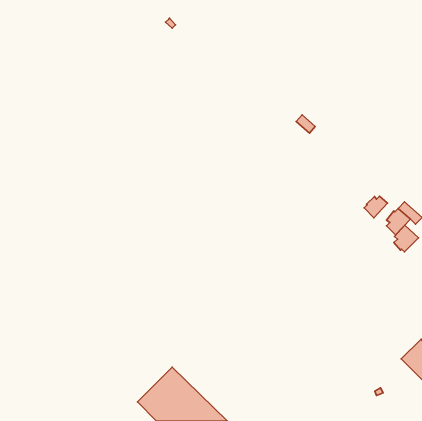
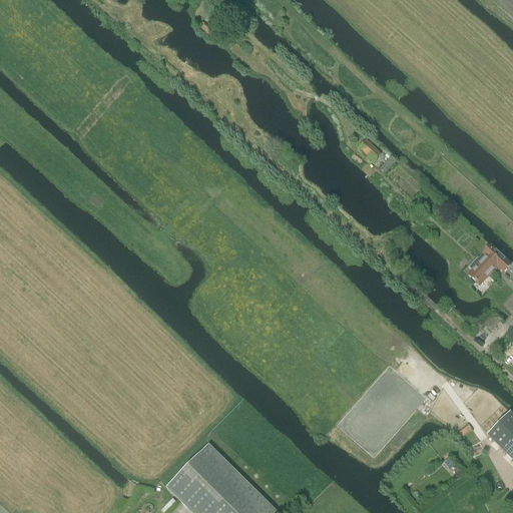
building: [364,196,387,218] -> none
building: [394,225,418,252] -> none

